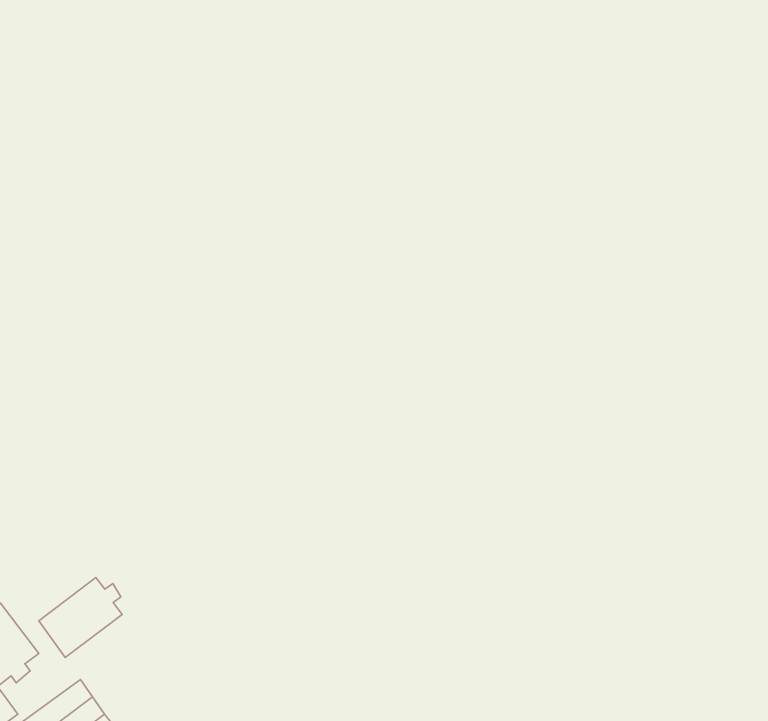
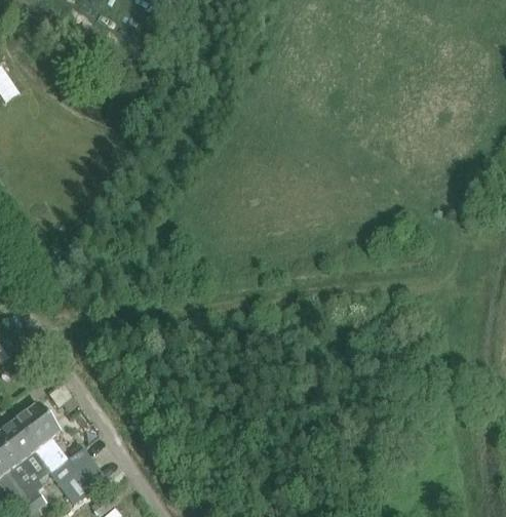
building: [39,578,122,658] -> none

